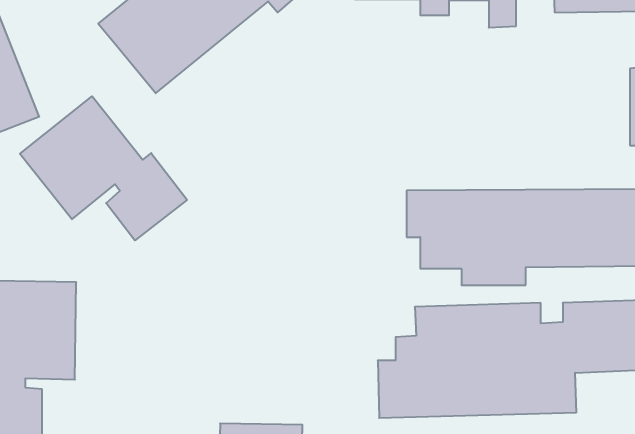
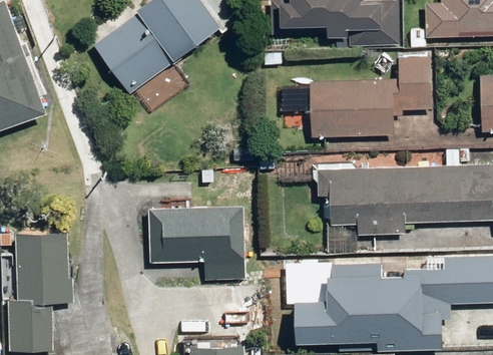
building: none -> [310,56,430,136]
building: [20,96,187,240] -> none
building: none -> [149,210,245,283]

